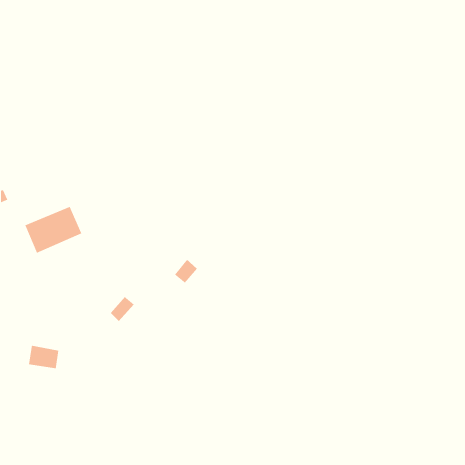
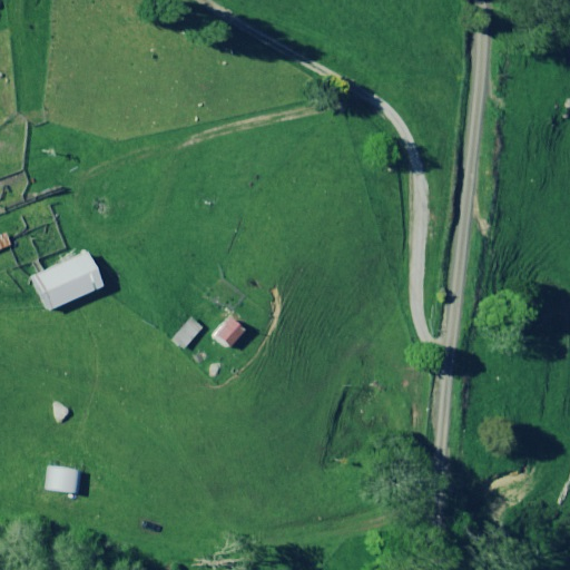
building: [110,296,134,322] -> [173,317,203,348]
building: [28,345,59,369] -> [48,465,86,494]

